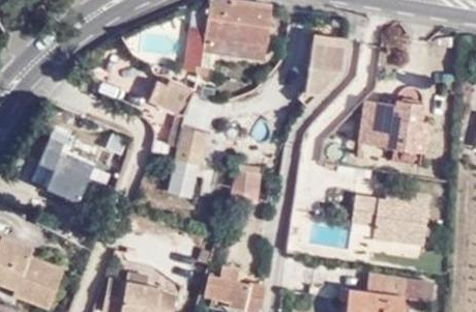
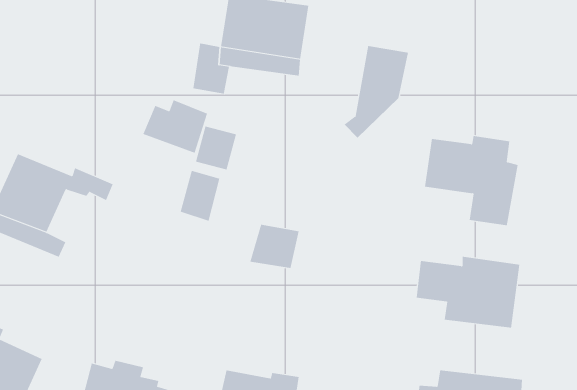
building: [165,160,197,201] -> none

